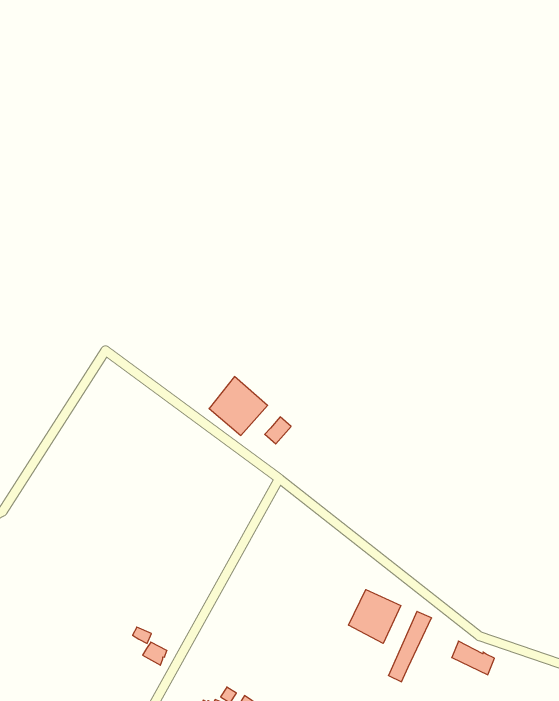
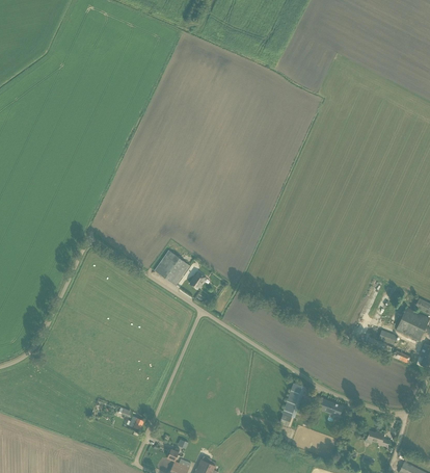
building: [349,590,401,643] -> none

